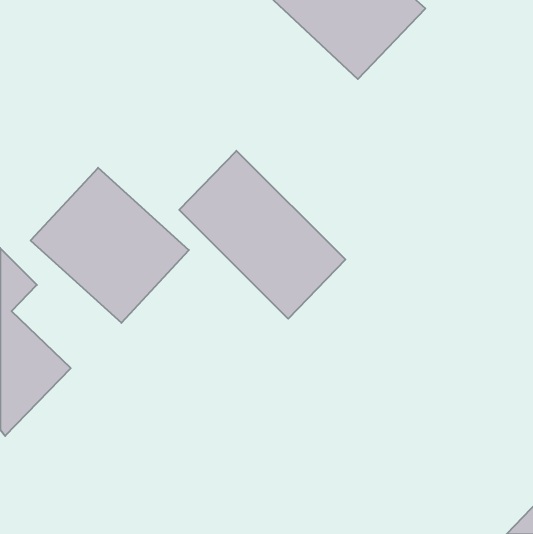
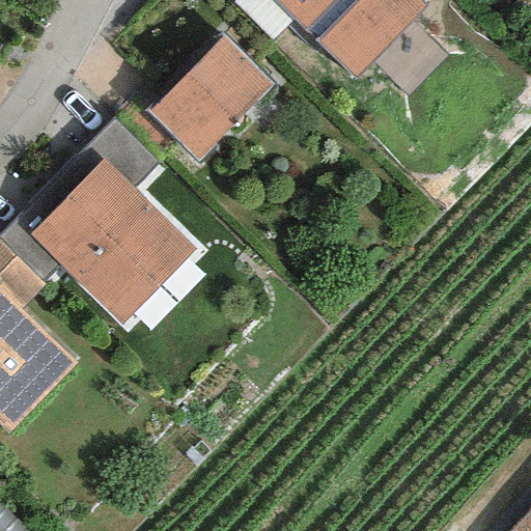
building: none -> [149,35,271,157]
building: [179,151,345,319] -> none

